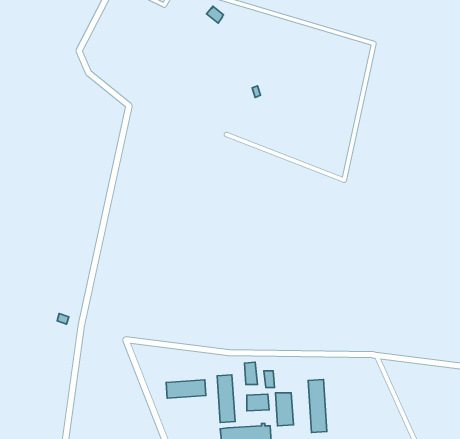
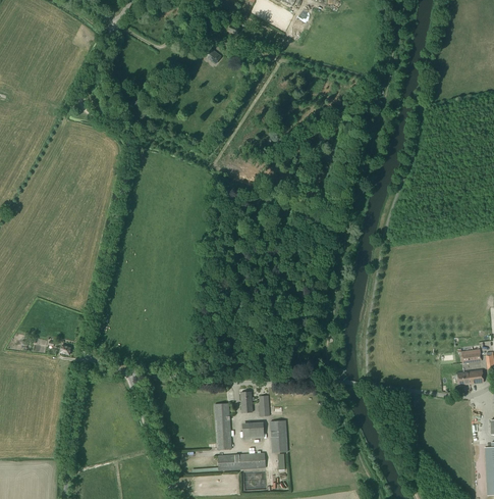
building: [308,380,327,433] -> none
building: [166,380,206,398] -> none

